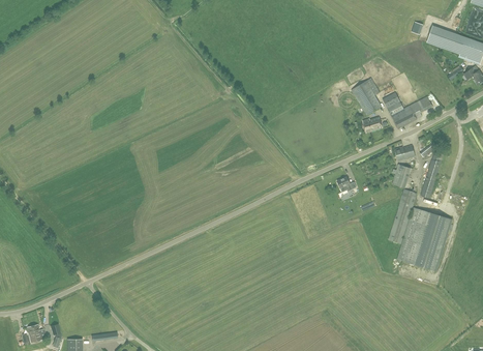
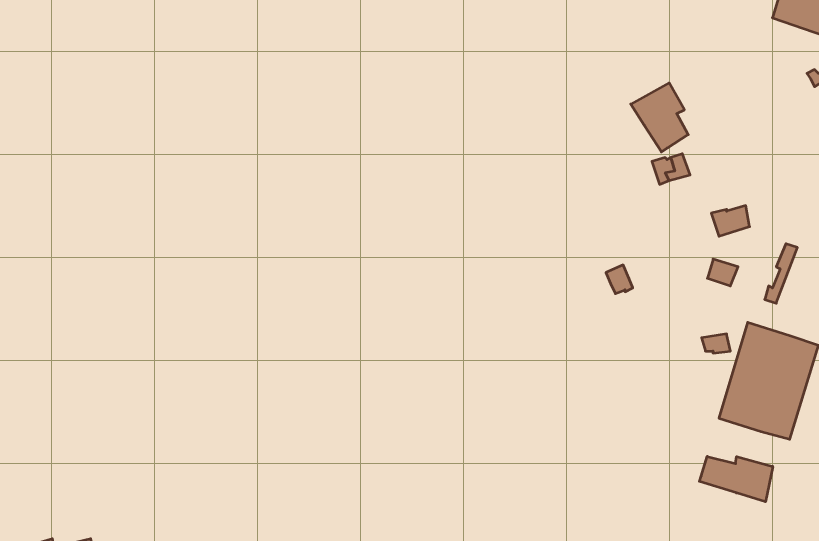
building: [383,92,431,127] -> none
building: none -> [699,456,773,502]

